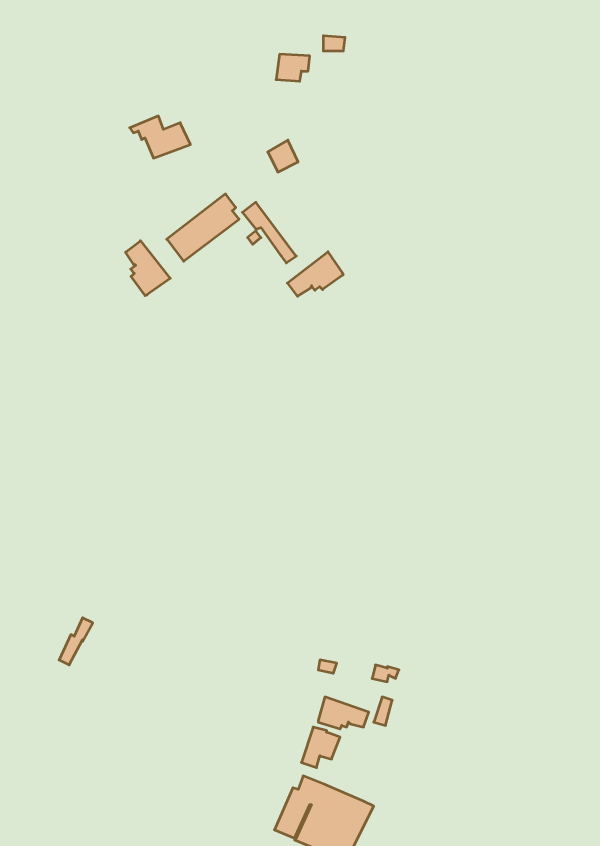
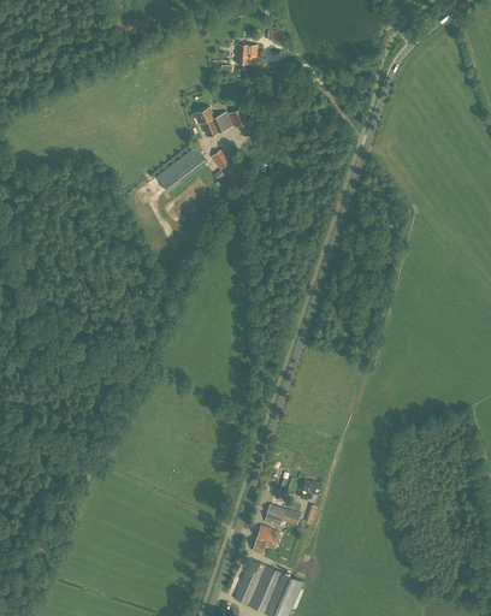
building: [130,116,190,158] -> [189,107,232,137]
building: [126,241,170,296] -> none
building: [287,252,343,296] -> none

